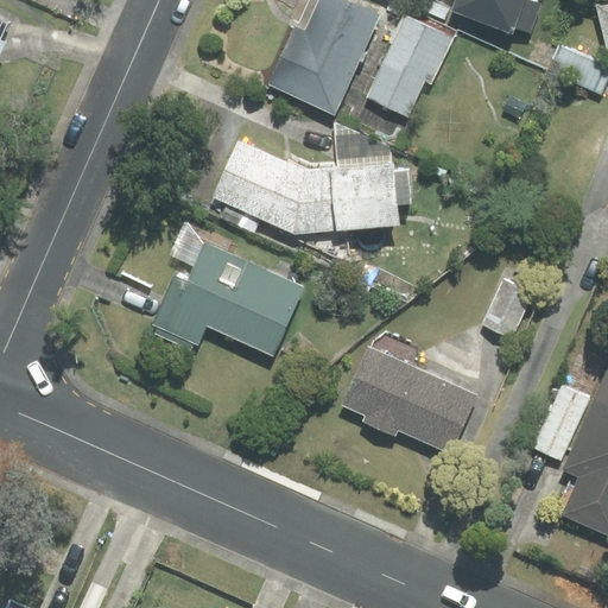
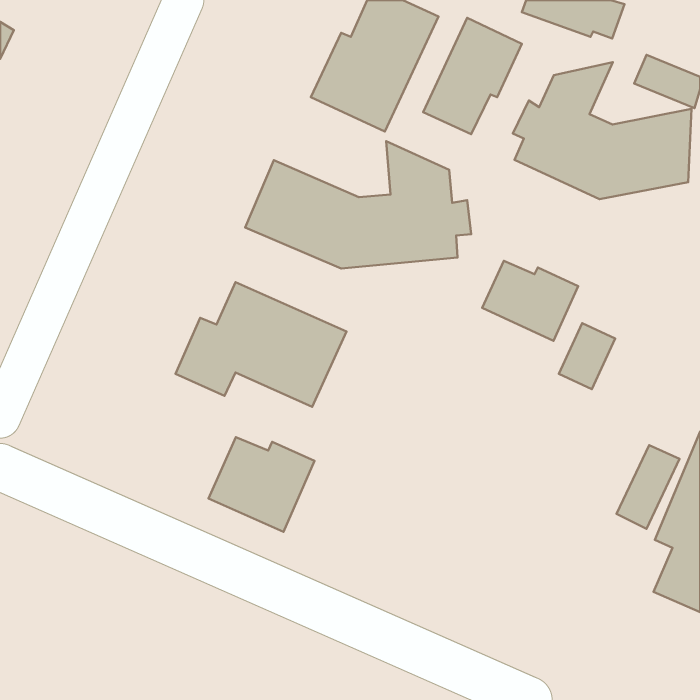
building: none -> [513,62,691,199]
building: none -> [482,261,578,341]
building: [342,335,477,454] -> none
building: none -> [208,437,315,532]

